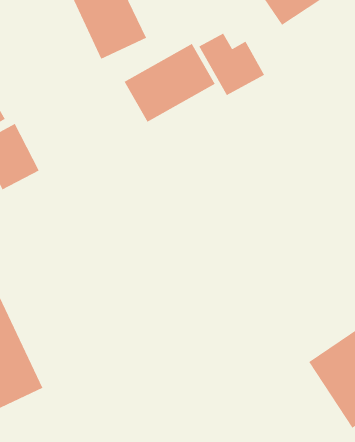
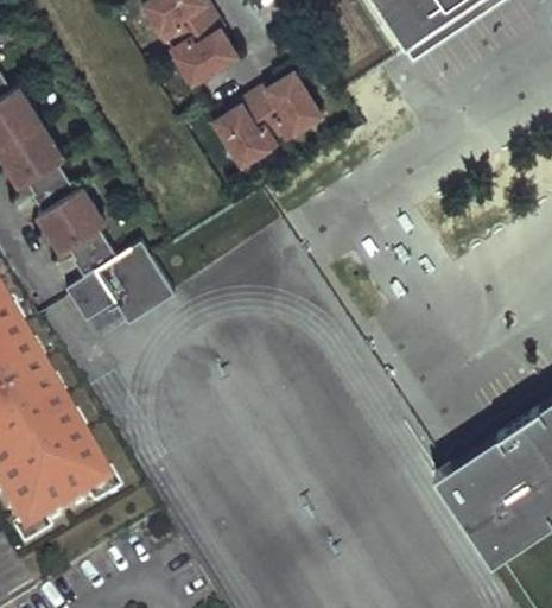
building: [198,32,265,96] -> none
building: none -> [66,232,176,340]

